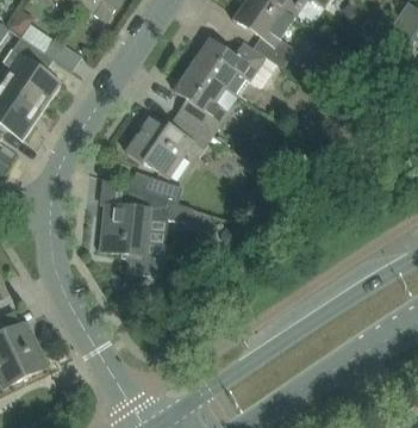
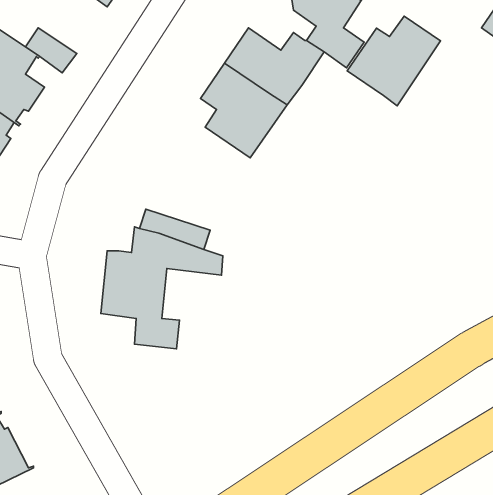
building: none -> [347,16,441,106]
building: [126,111,212,176] -> none

